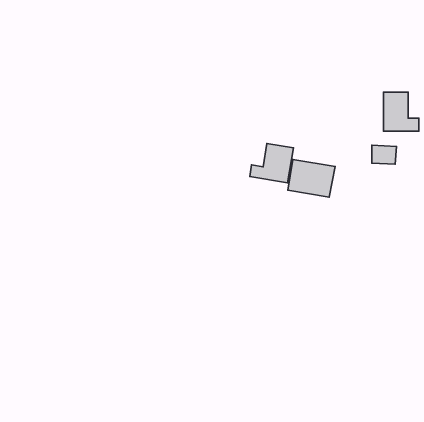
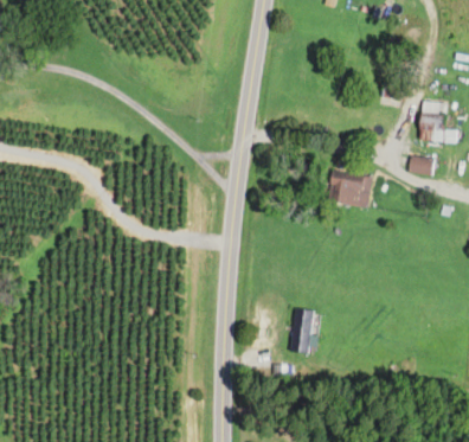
building: [250,143,293,183] -> none
building: none -> [293,307,314,353]

